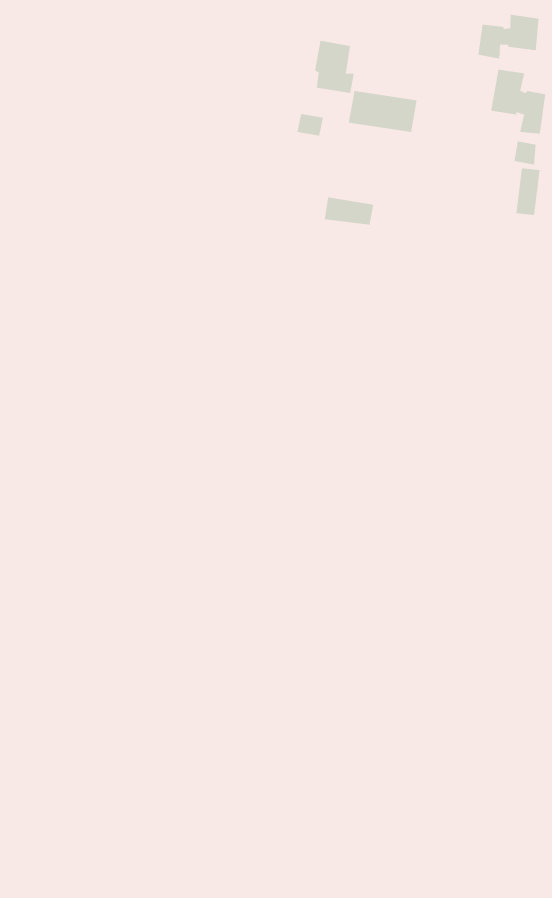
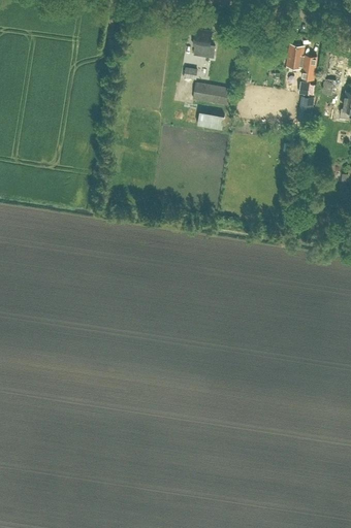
building: [477,14,539,59] -> none
building: [348,90,418,133] -> [192,81,229,104]

